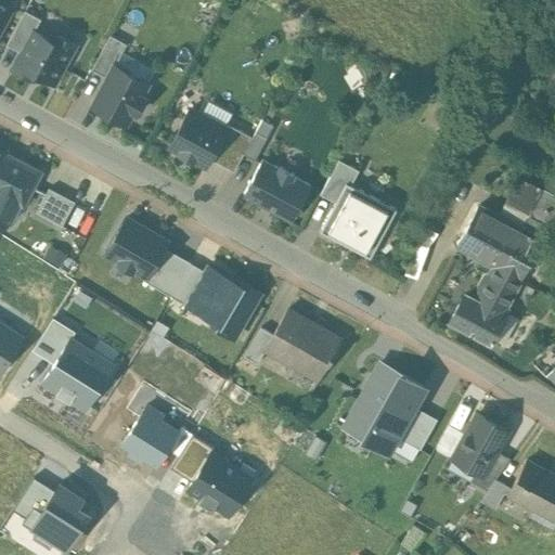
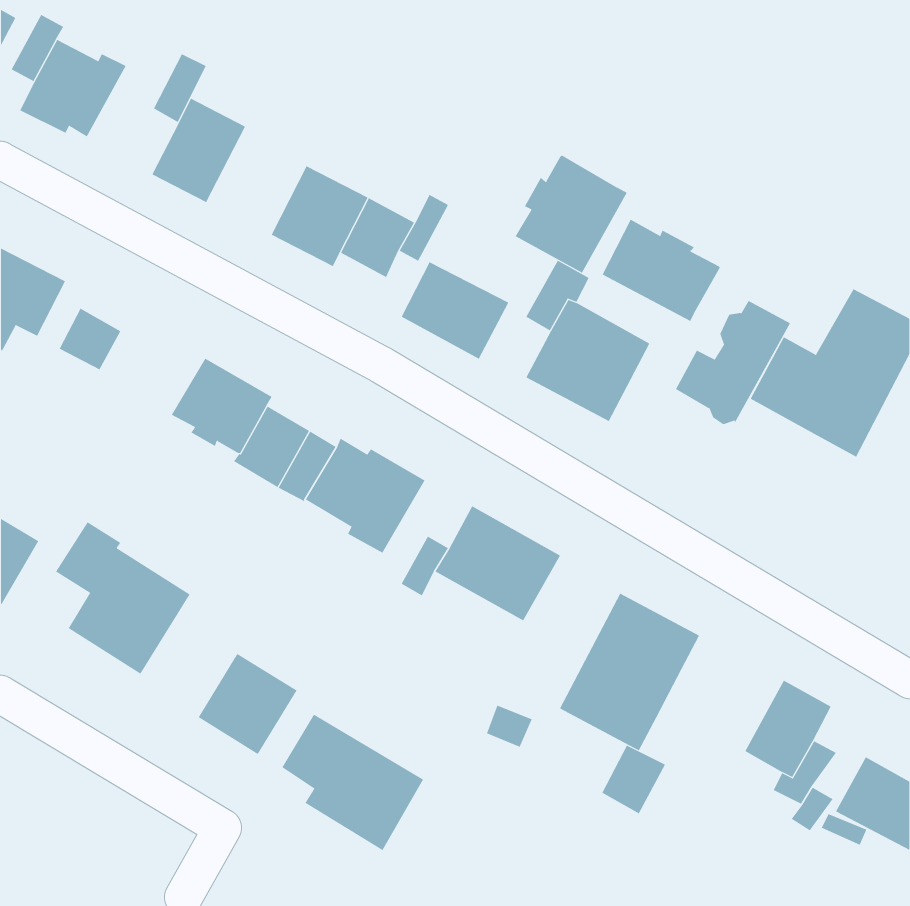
building: none -> [515,155,628,273]
building: none -> [602,219,720,322]
building: [451,267,521,343] -> [675,300,791,425]
building: [400,410,439,452] -> [602,745,666,814]
building: [14,479,86,548] -> none

